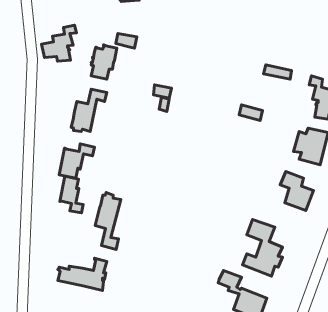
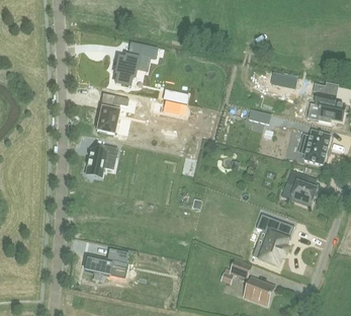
building: [41,25,76,61] -> none
building: [60,176,83,213] -> none
building: [95,193,121,249] -> none

